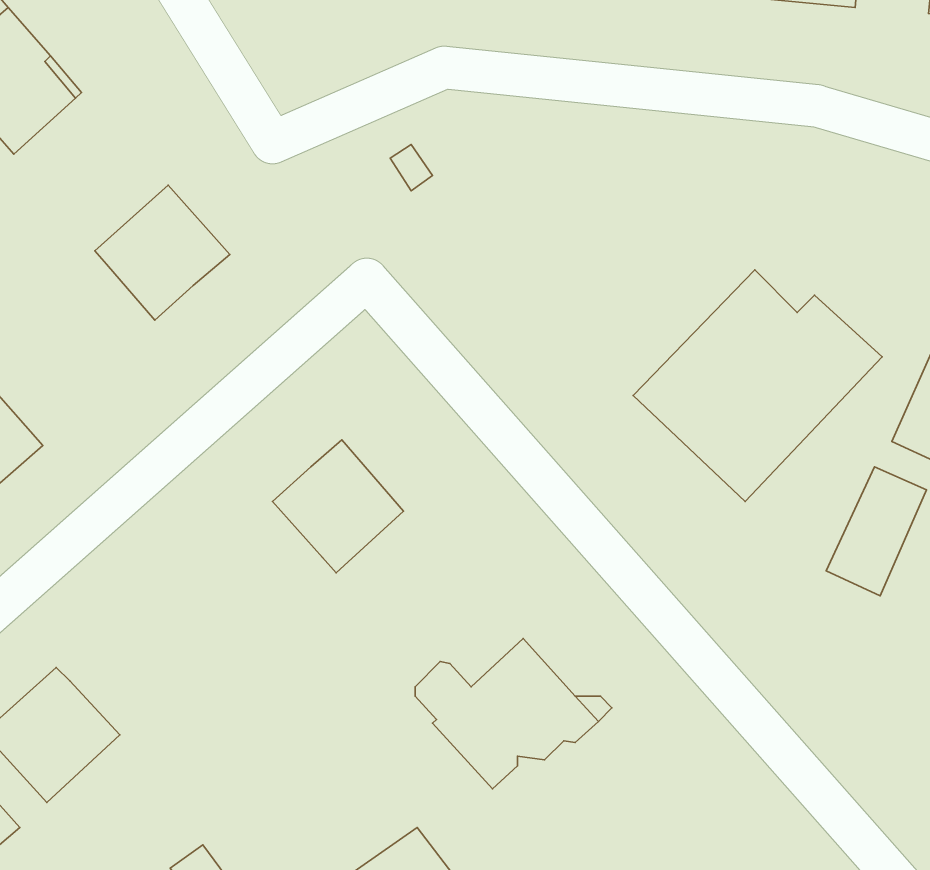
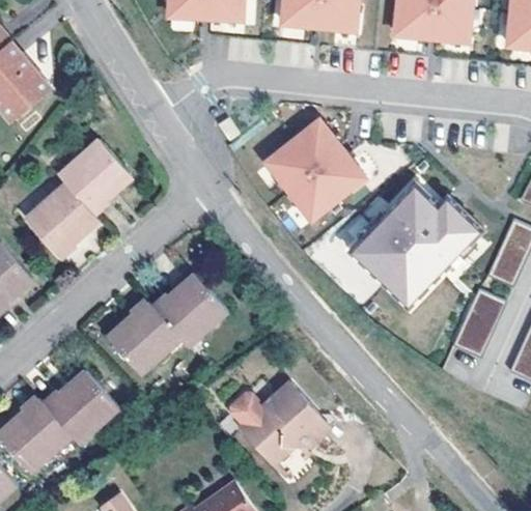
building: none -> [266,120,364,220]
building: none -> [25,180,97,253]
building: none -> [107,300,181,373]
building: none -> [46,369,119,442]

